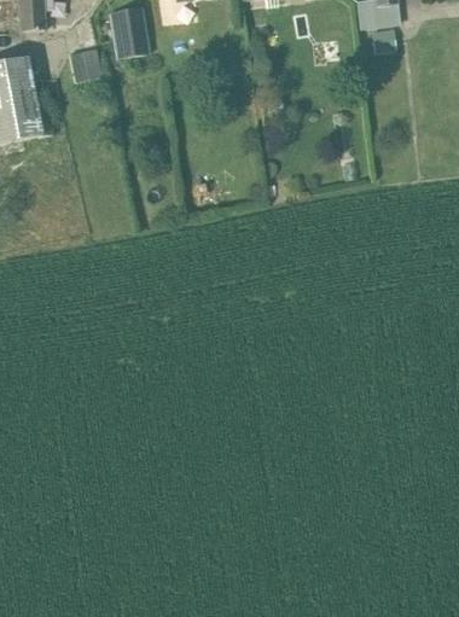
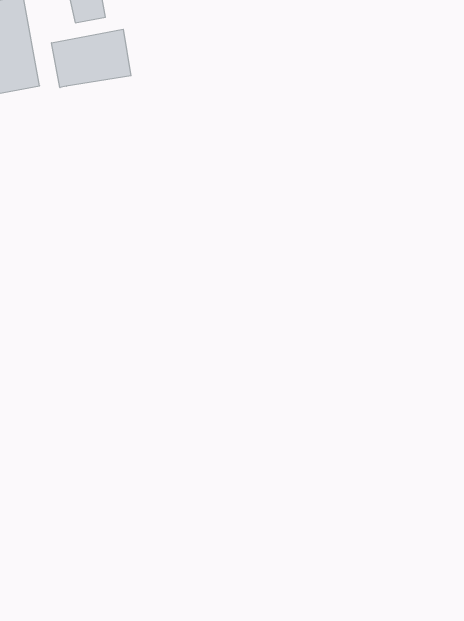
building: none -> [52,29,131,88]

